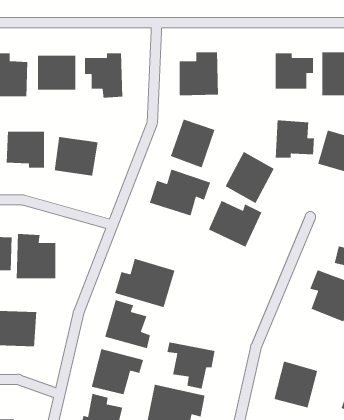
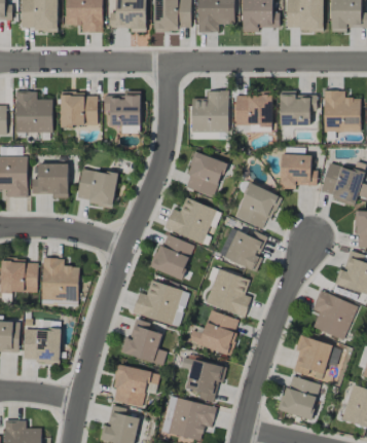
building: none -> [234,94,271,131]
building: none -> [150,233,194,280]
building: none -> [205,268,251,317]
building: none -> [189,310,240,355]
building: none -> [292,335,332,379]

